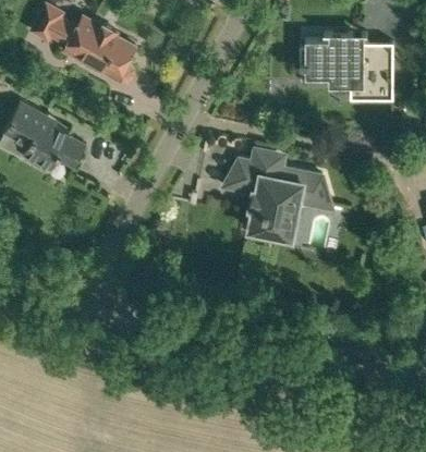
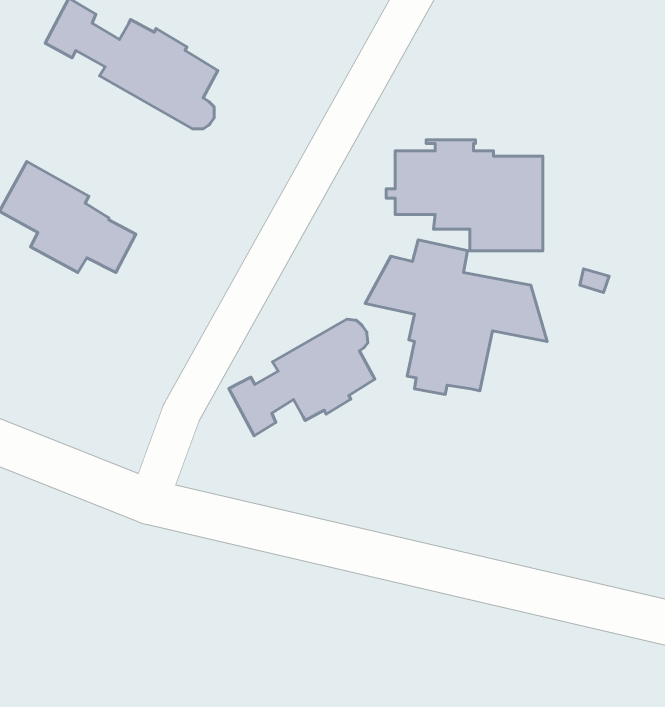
building: [300,34,393,100] -> [386,140,543,251]
building: none -> [229,319,375,436]

